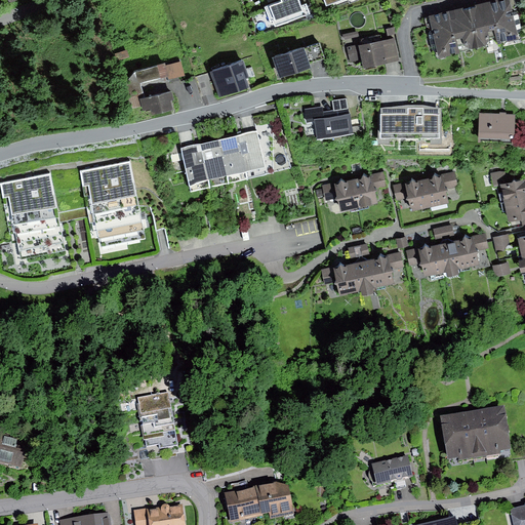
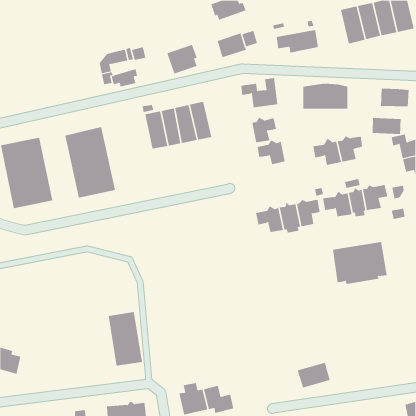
building: none -> [372,117,401,135]
building: [354,171,386,204] -> [251,117,277,143]
building: [441,409,511,463] -> [332,241,388,285]

